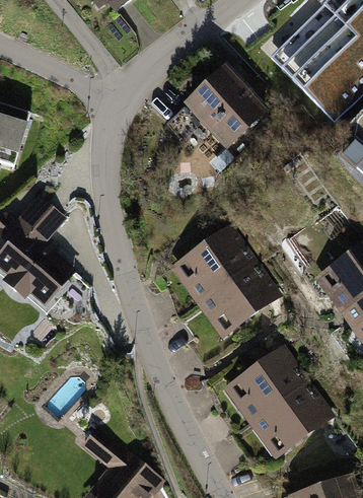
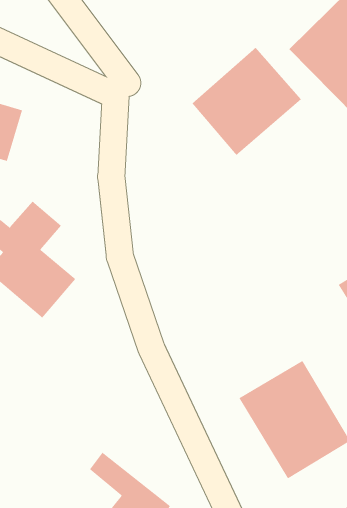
building: [171,226,284,341] -> none

